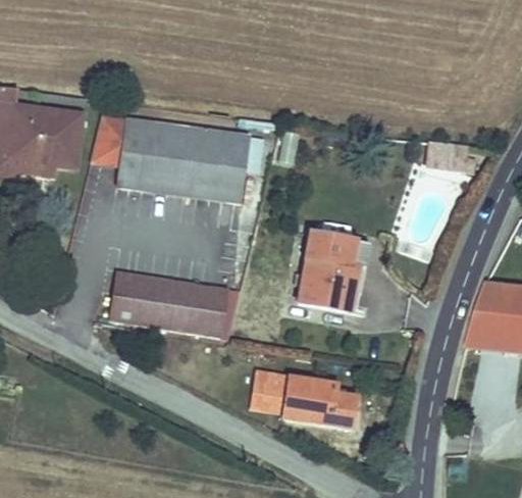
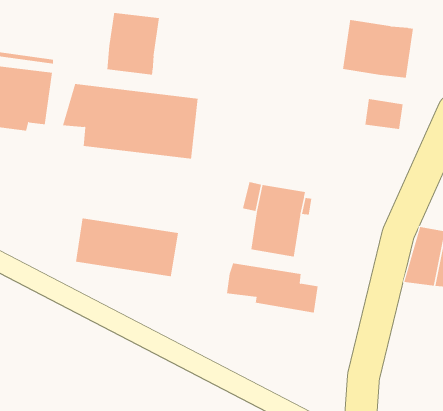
building: none -> [107,12,159,75]
building: none -> [343,19,413,78]
building: [256,369,357,425] -> [226,263,318,313]

